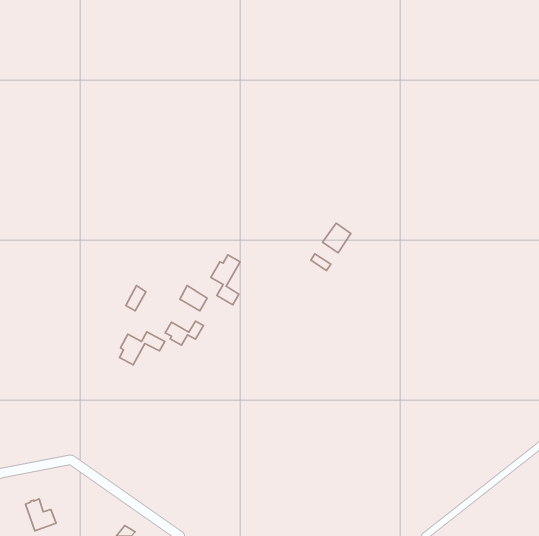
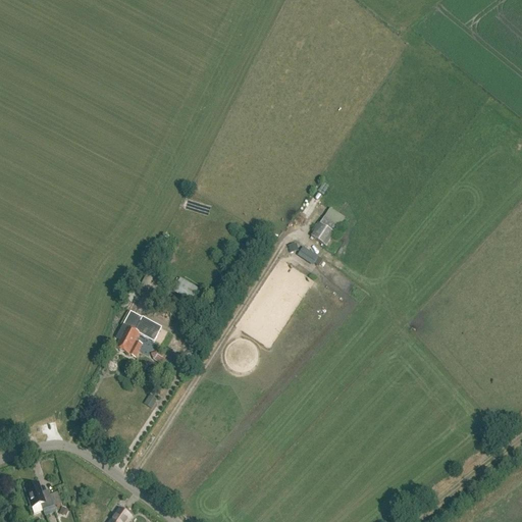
building: [211,255,240,305] -> none
building: [165,321,204,345] -> none

